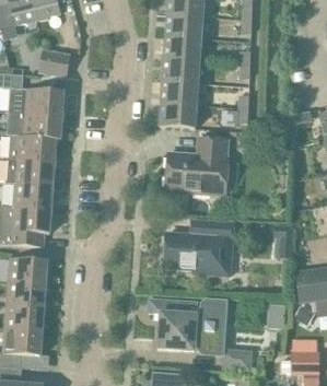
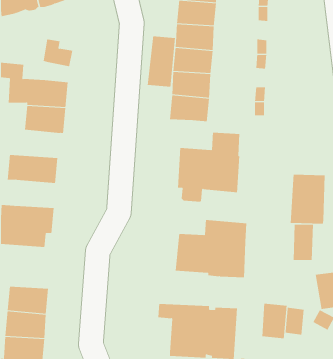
building: none -> [147,36,175,88]
building: [9,134,57,162] -> none
building: none -> [290,174,325,225]
building: [14,183,52,209] -> none
building: [9,258,48,284] -> none
building: none -> [262,303,287,339]

